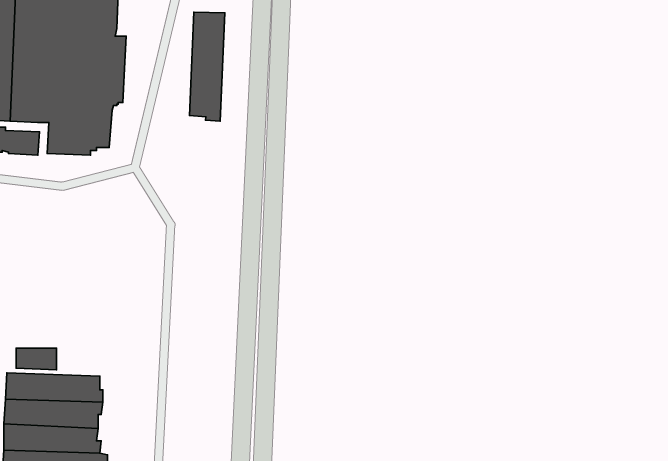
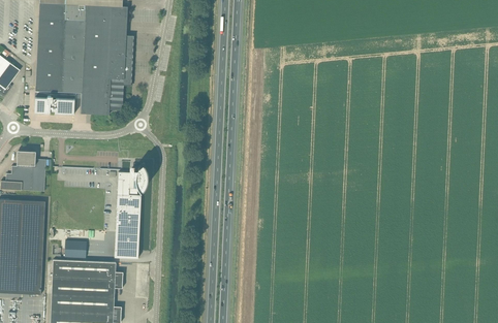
building: [189,12,225,121] -> none
building: none -> [115,164,146,251]

